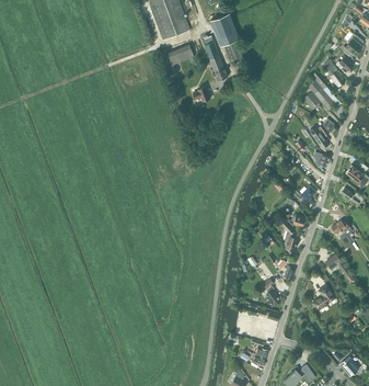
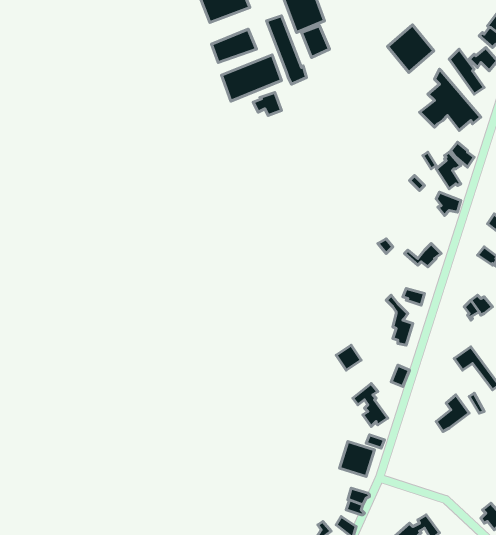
building: none -> [387,25,434,72]
building: none -> [222,55,281,101]

